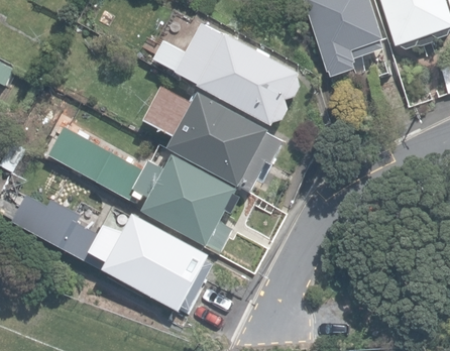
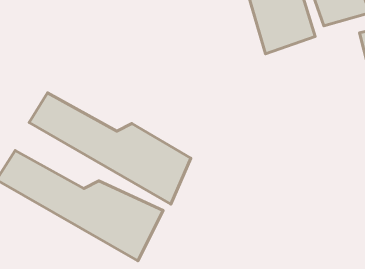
building: [176,23,300,122] -> none
building: [144,81,279,186] -> none

